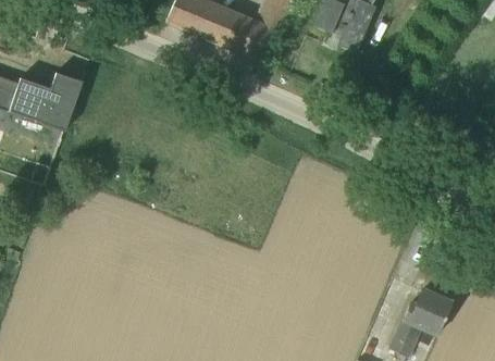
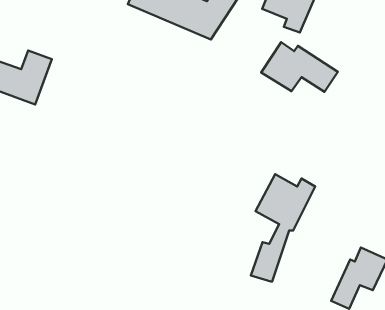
building: none -> [261,42,338,92]
building: none -> [251,174,315,282]

